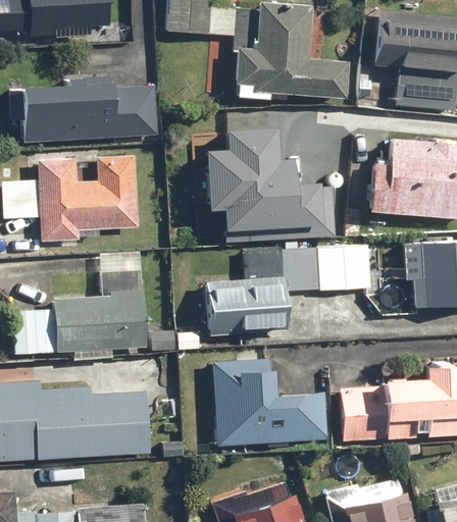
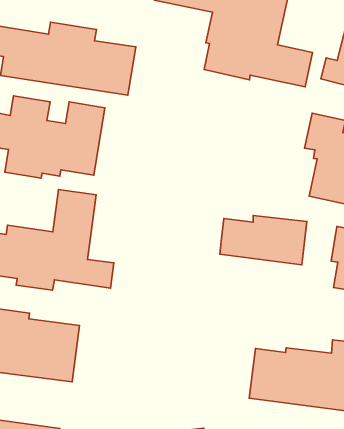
building: [203,133,336,243] -> none
building: [203,275,286,332] -> none
building: [211,358,326,446] -> none

